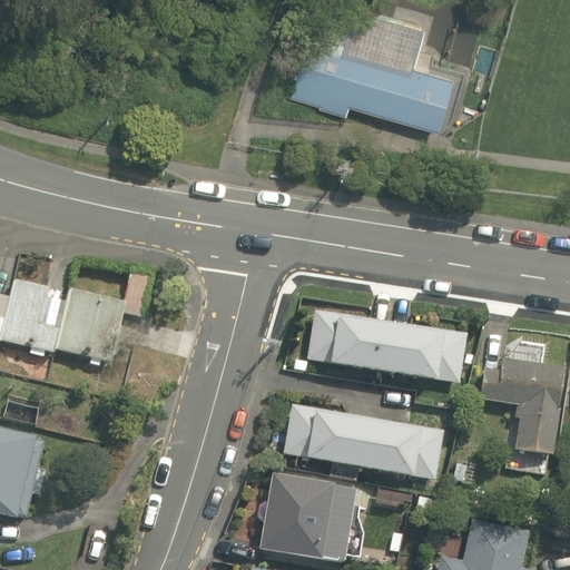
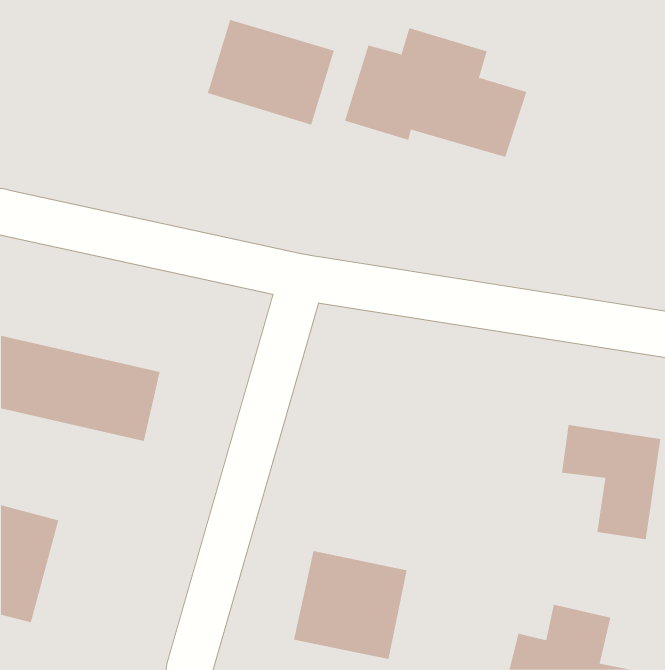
building: none -> [207,19,335,126]
building: [294,305,464,381] -> none
building: [281,402,443,481] -> none

